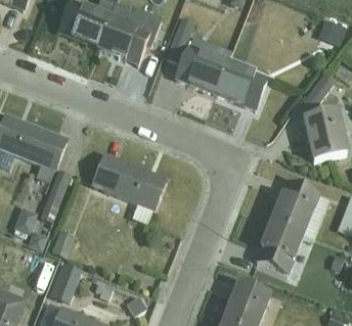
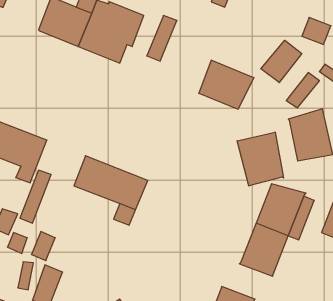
building: [176,36,232,93] -> none
building: none -> [261,40,302,83]
building: none -> [237,132,283,186]

